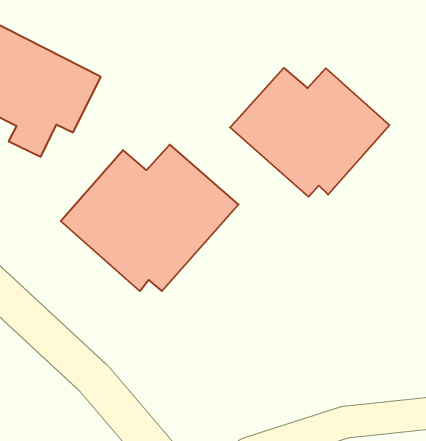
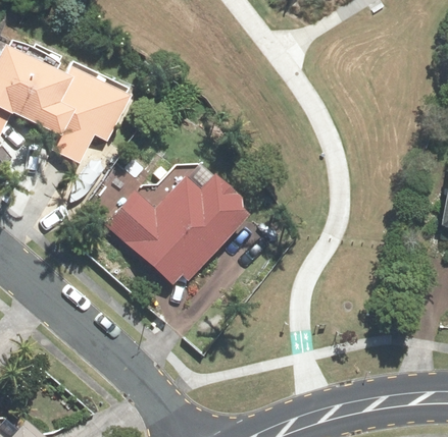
building: [230,68,389,197] -> none

